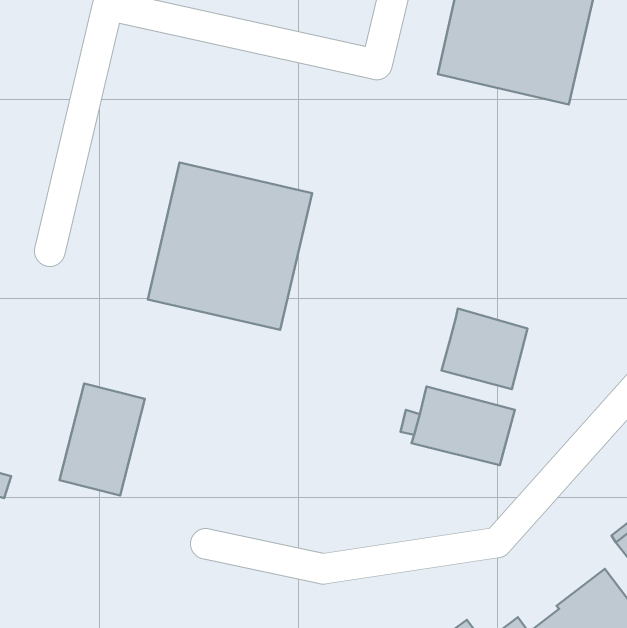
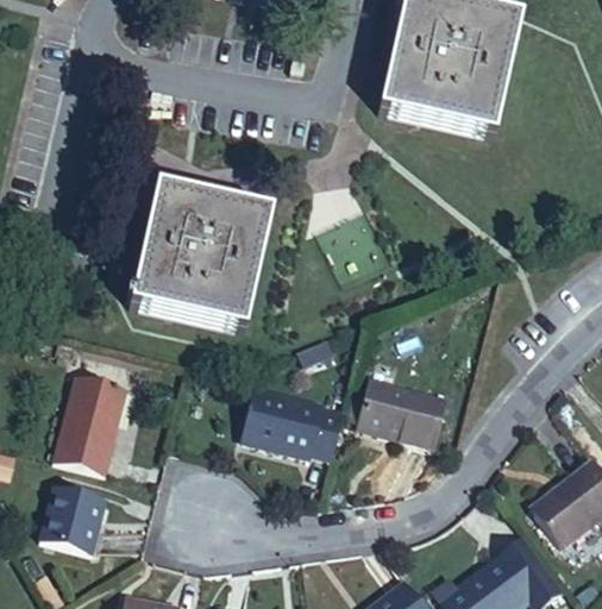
building: [441,308,528,389] -> none
building: none -> [243,389,343,459]
building: none -> [39,486,105,554]

